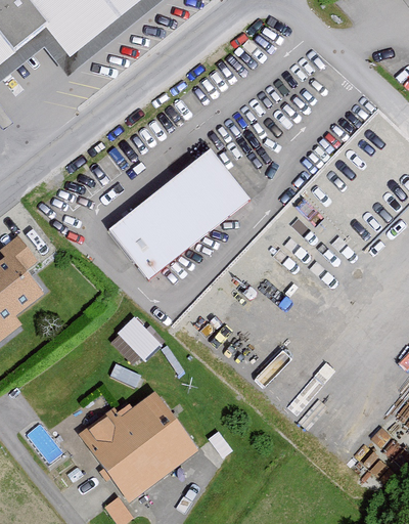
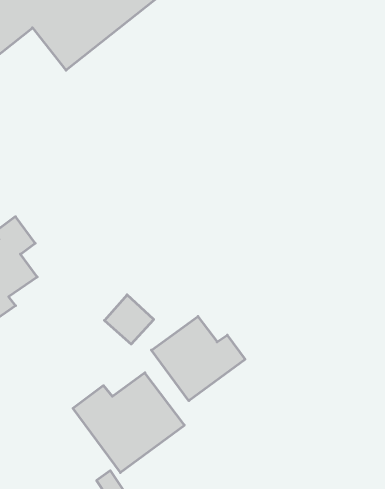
building: [107,147,251,279] -> none
building: none -> [151,316,245,401]

